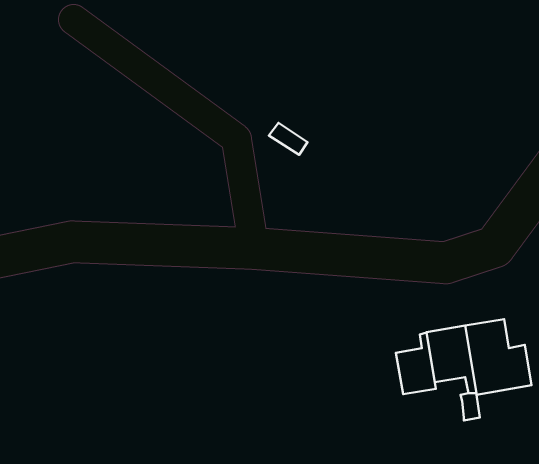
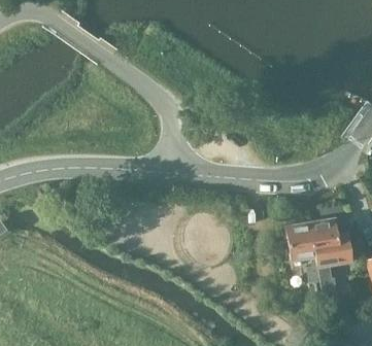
building: [396,332,436,394] -> none

